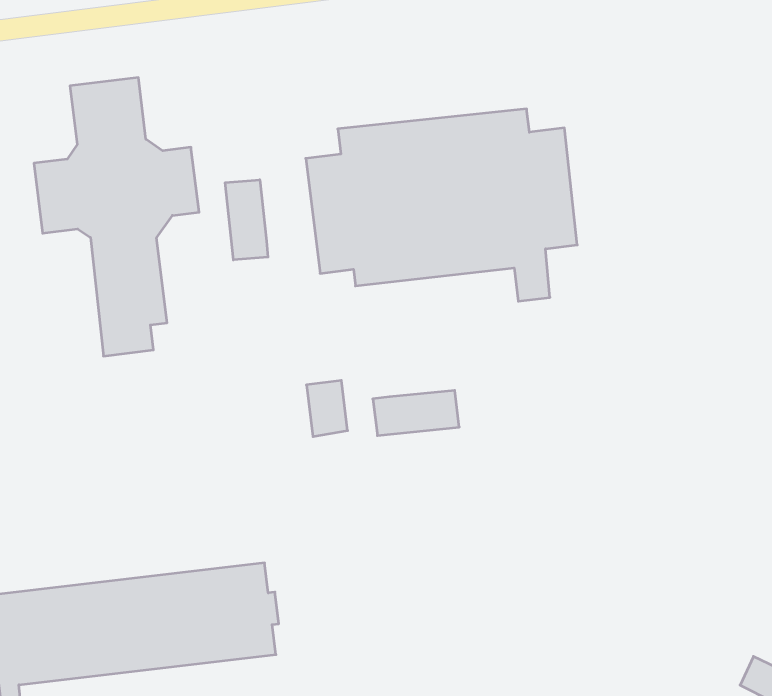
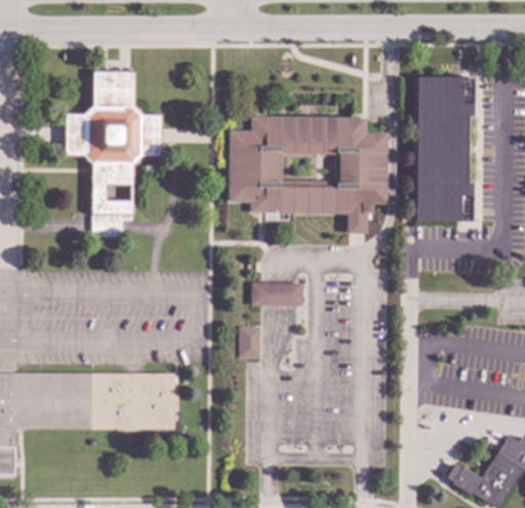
building: none -> [417,77,475,222]
building: [225,180,268,260] -> none
building: [306,380,348,437] -> [240,325,261,357]

